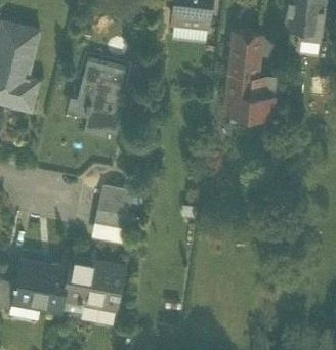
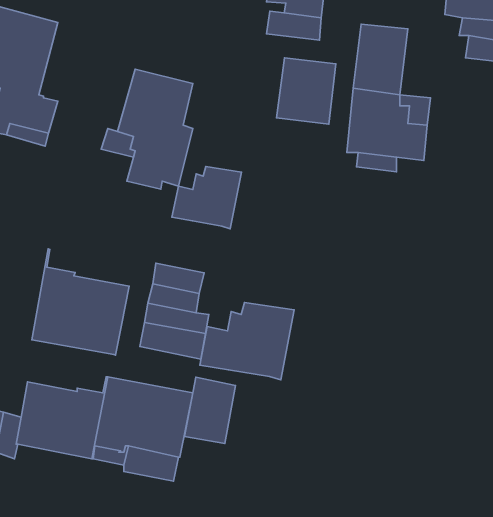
building: none -> [277,58,336,124]
building: none -> [172,167,242,229]
building: none -> [32,249,129,355]
building: none -> [200,303,294,380]
building: none -> [185,377,236,443]

